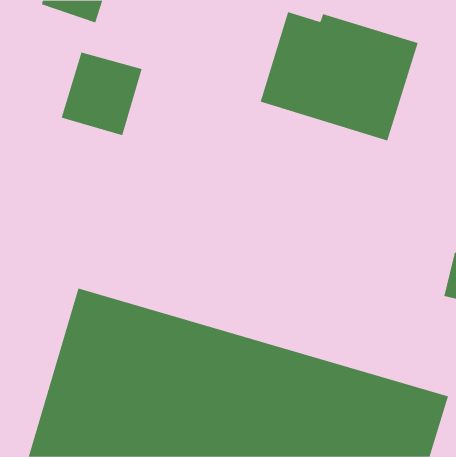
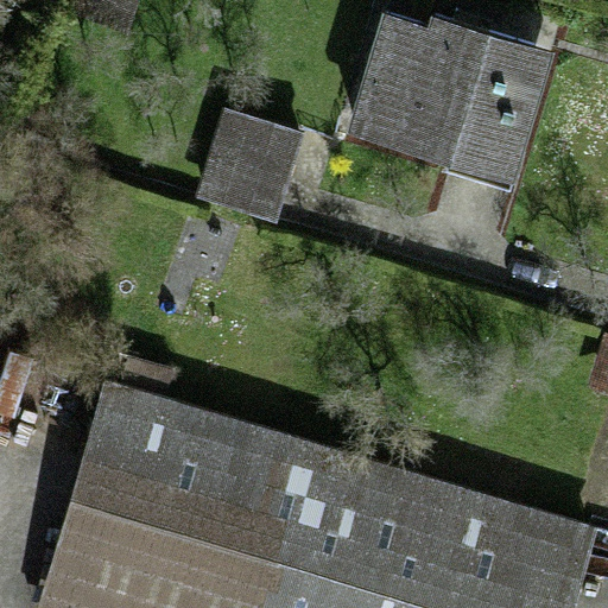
building: [61,52,142,136] -> [198,109,306,221]

